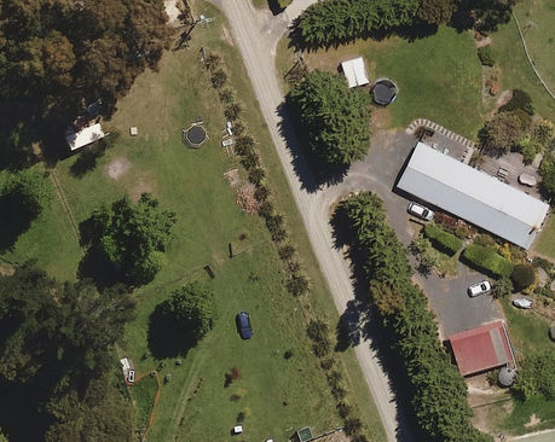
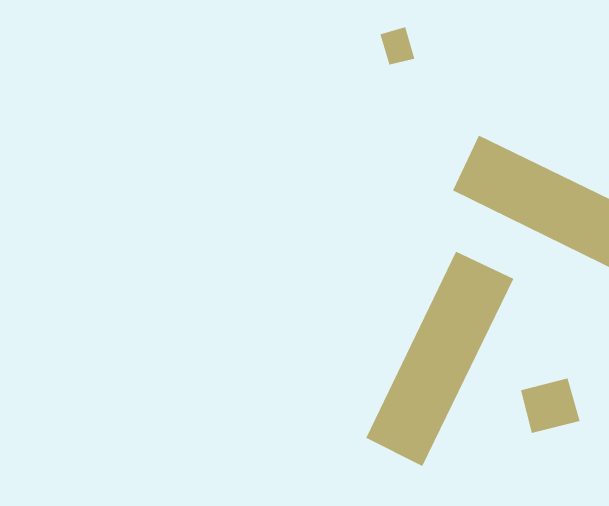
building: none -> [366,251,514,467]

